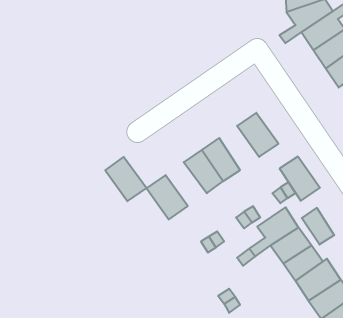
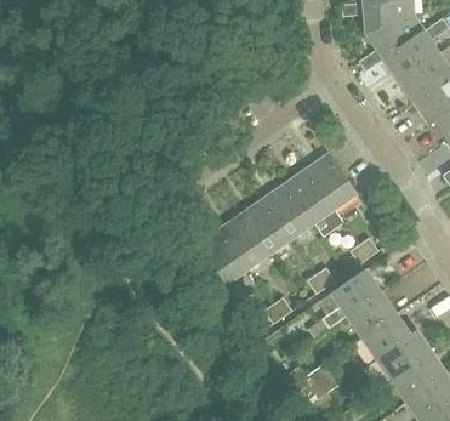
building: [280,157,320,201] -> [286,170,335,223]
building: [105,157,147,201] -> [222,214,272,267]
building: [302,208,334,245] -> none

